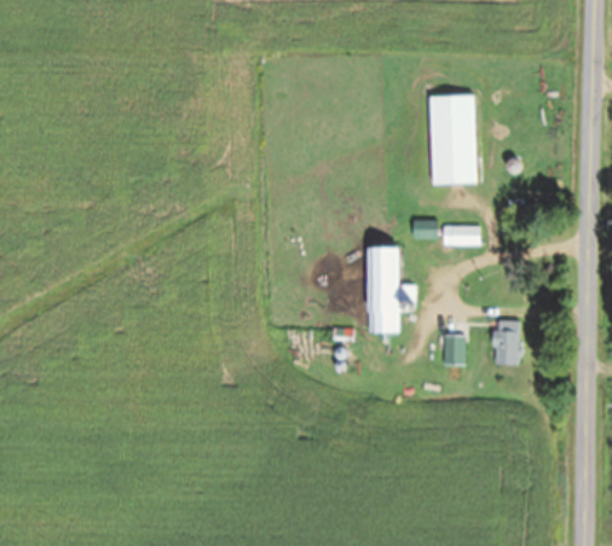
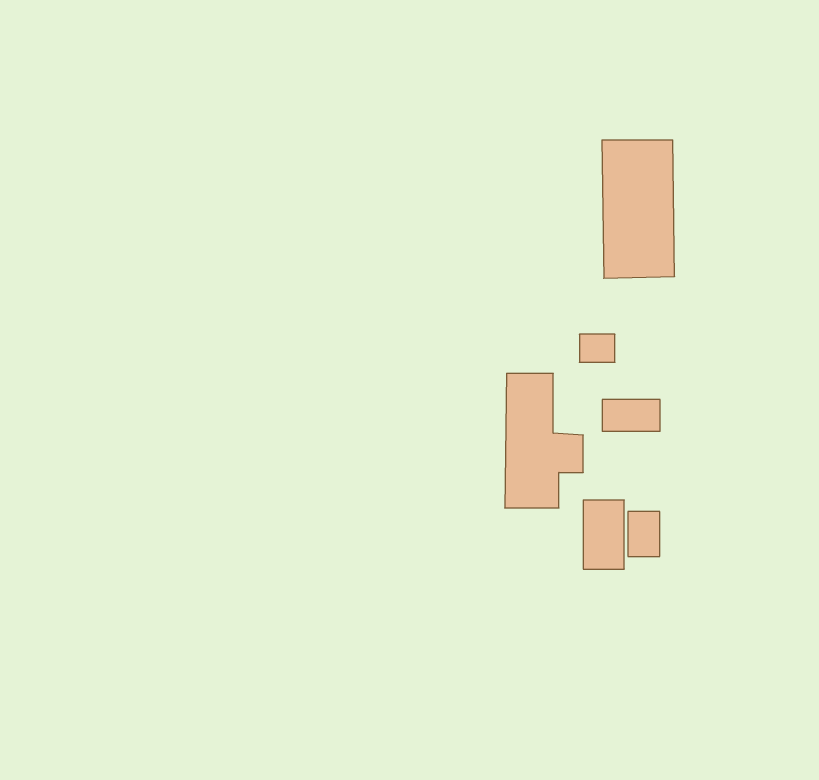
building: [443,226,480,246] -> [602,400,660,431]
building: [493,320,520,365] -> [583,500,624,569]

